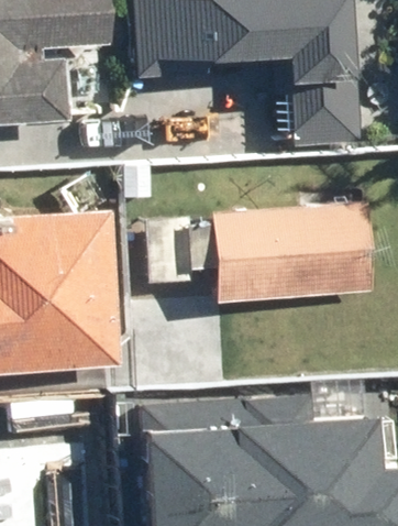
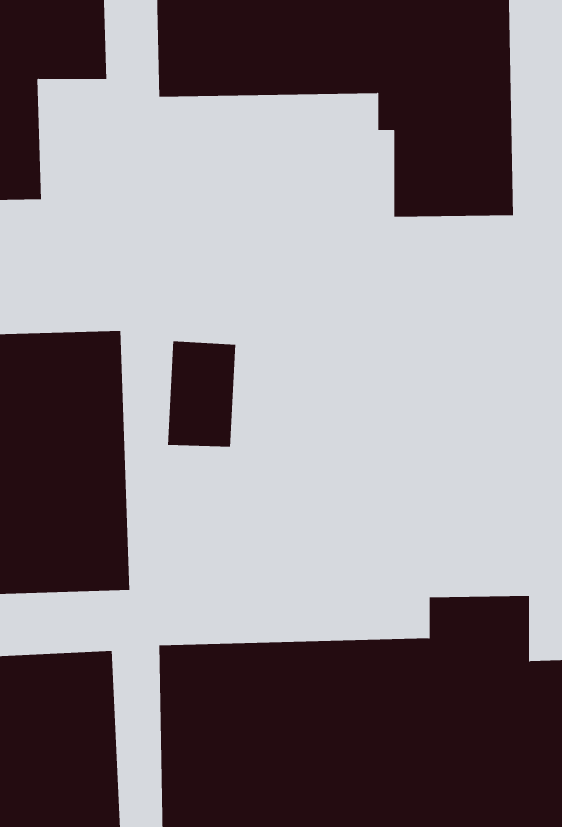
building: [207,208,367,303] -> none

